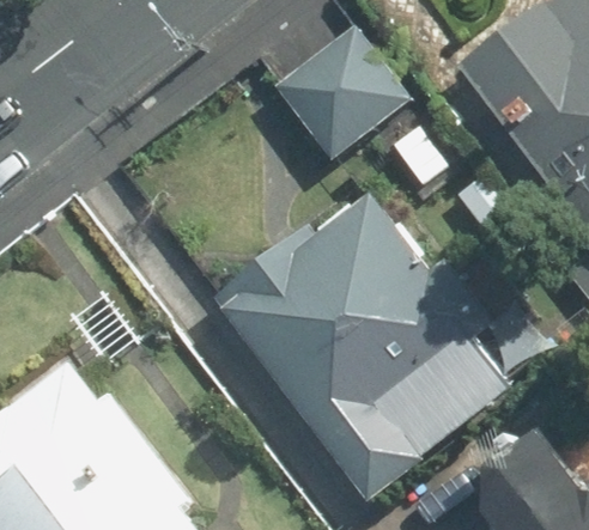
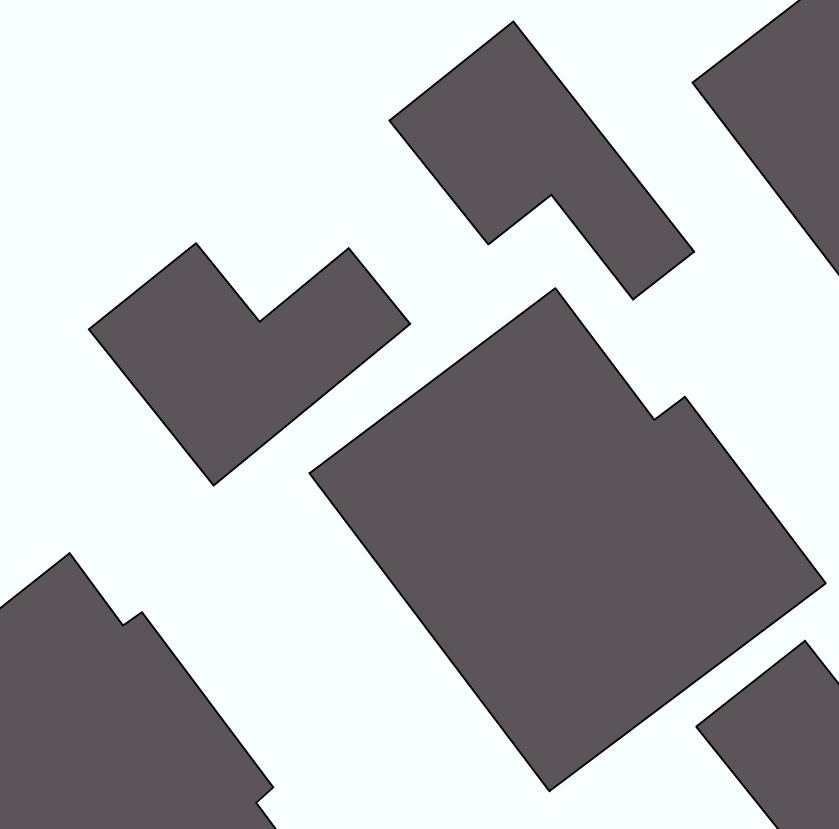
building: none -> [89,243,410,486]

